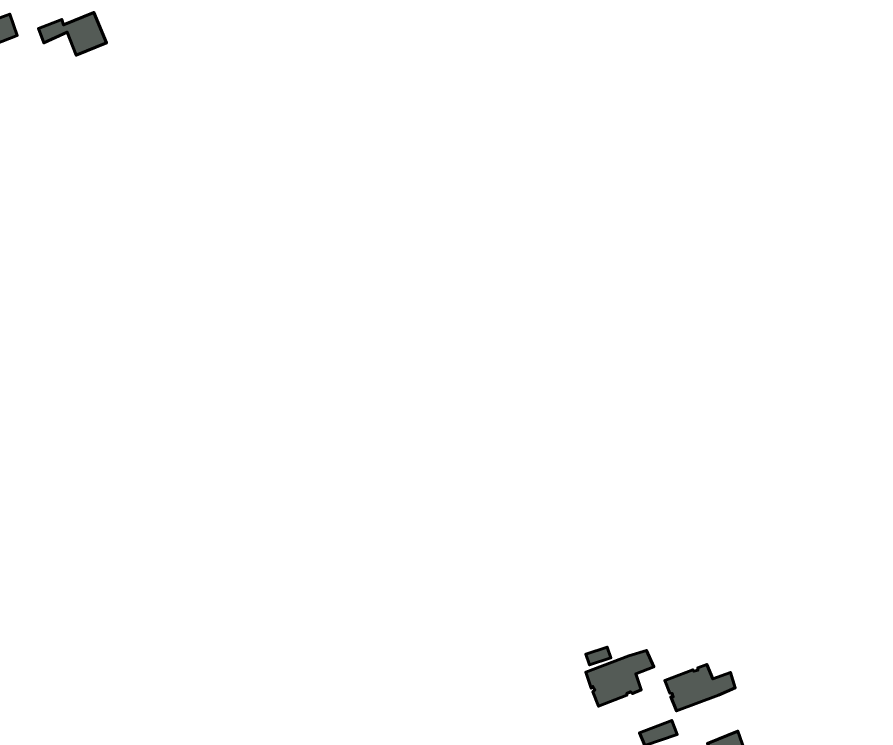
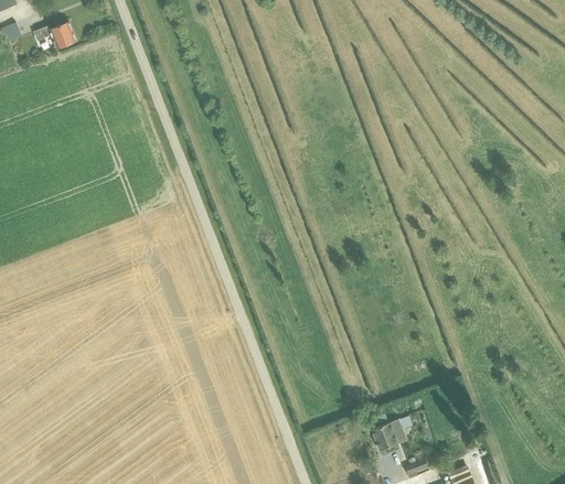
building: [665,665,735,711] -> none

